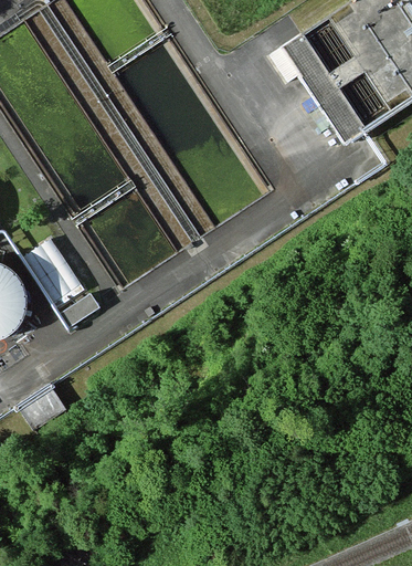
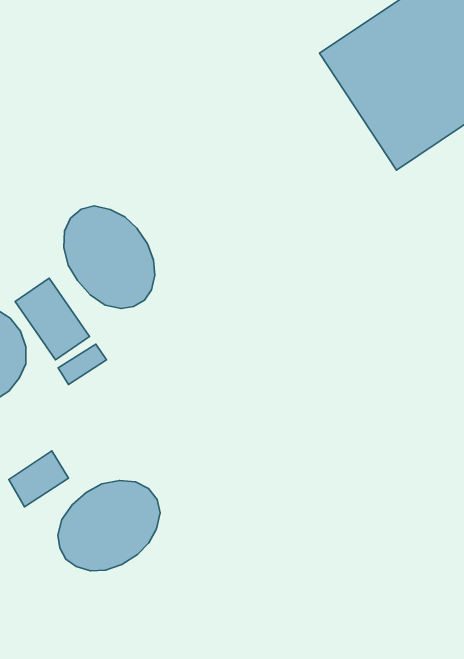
building: none -> [64,206,155,309]
building: none -> [58,480,160,571]

